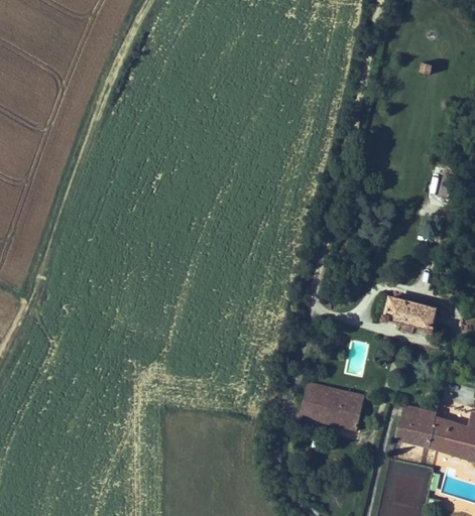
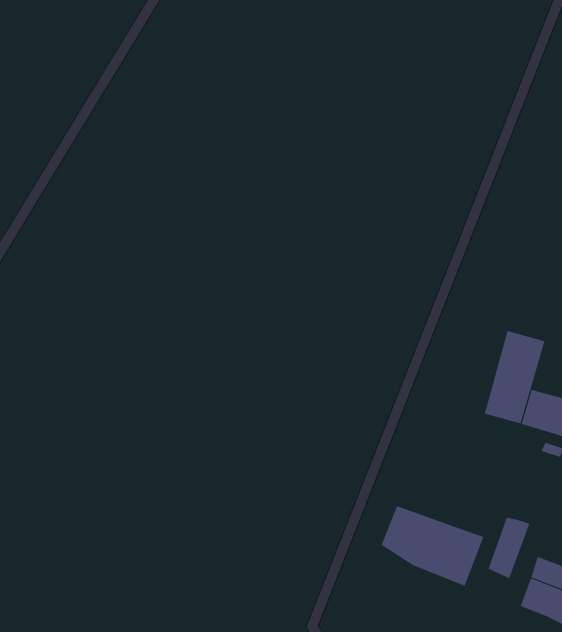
building: none -> [484,330,545,424]
building: none -> [488,517,530,579]

